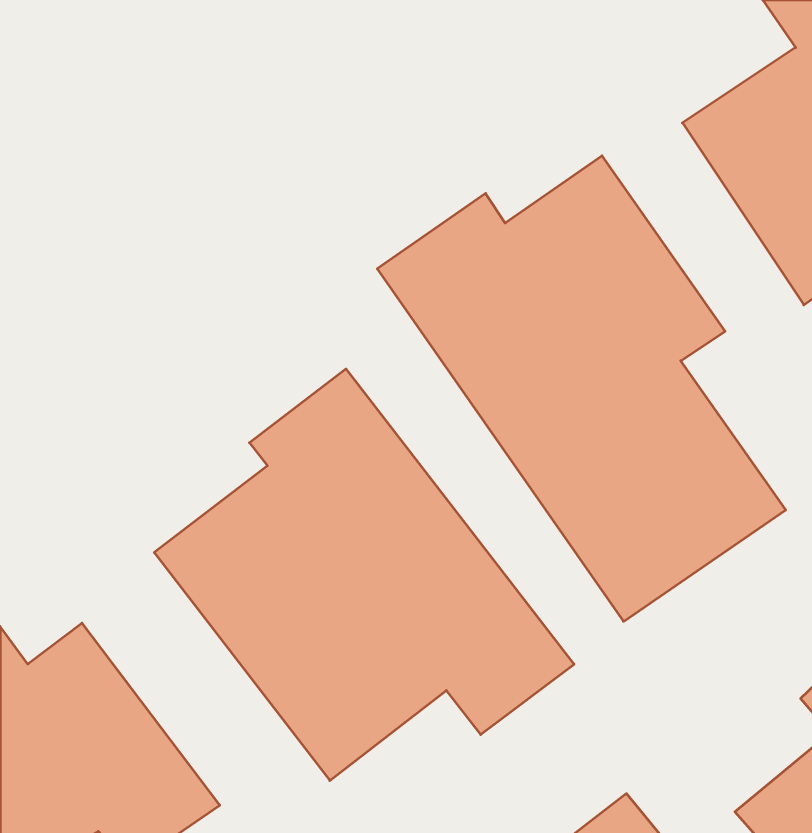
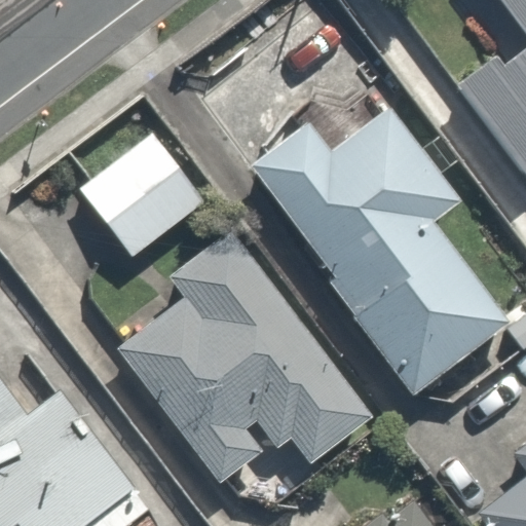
building: none -> [83,130,209,253]

